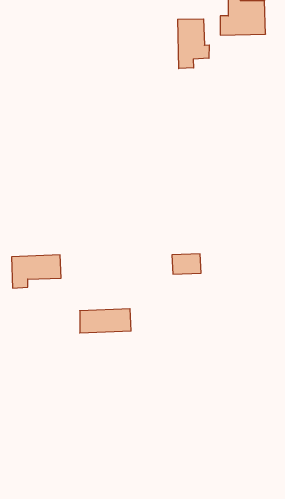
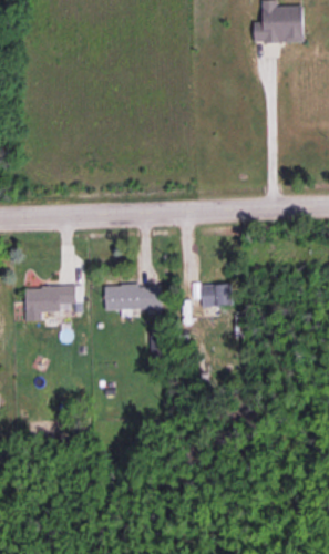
building: [178,19,209,69] -> none
building: [80,309,131,333] -> [105,284,162,310]

